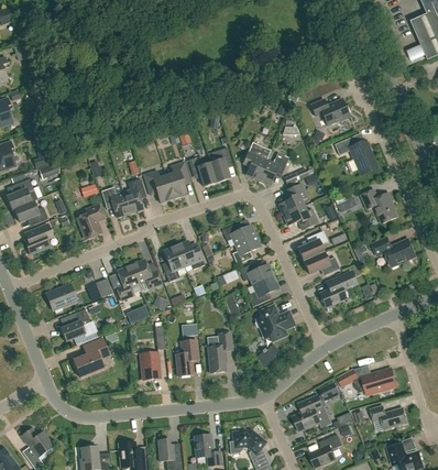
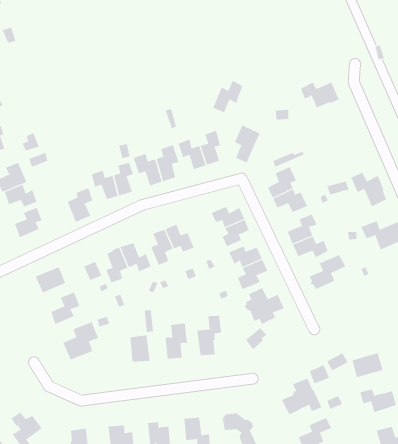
building: [335,138,376,172] -> none
building: [258,152,288,185] -> [212,80,243,113]

